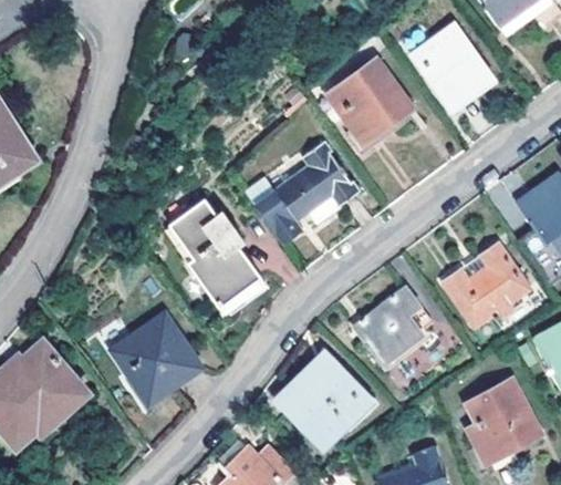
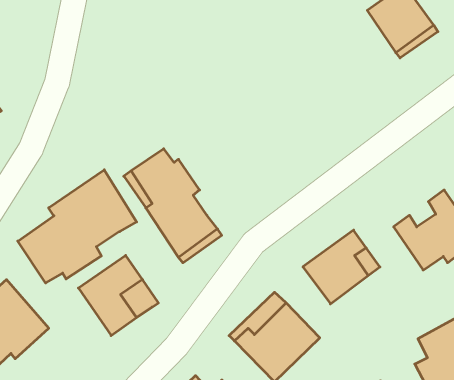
building: [329,59,413,143] -> none
building: [254,142,357,245] -> none
building: none -> [18,170,137,283]

